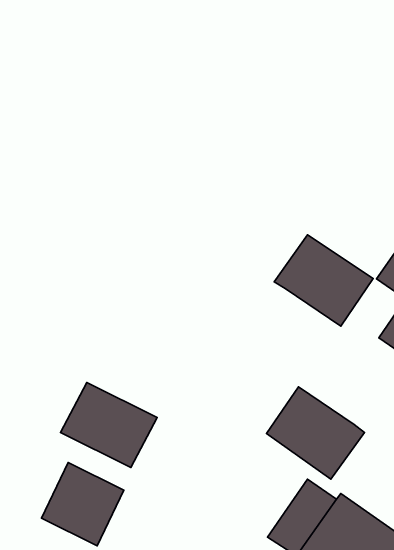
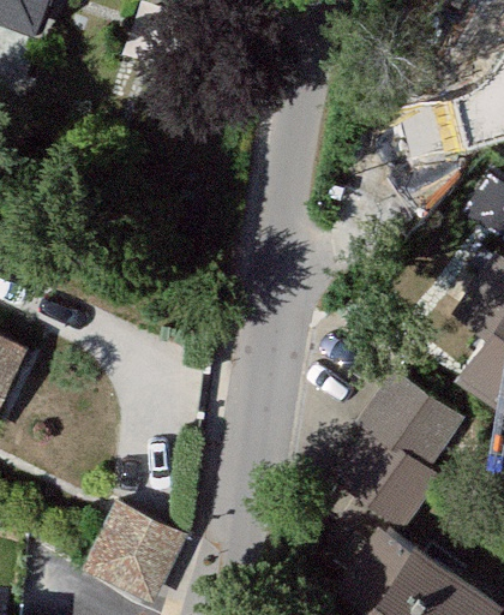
building: [274,235,373,326] -> [359,374,466,472]
building: [61,383,157,468] -> none

